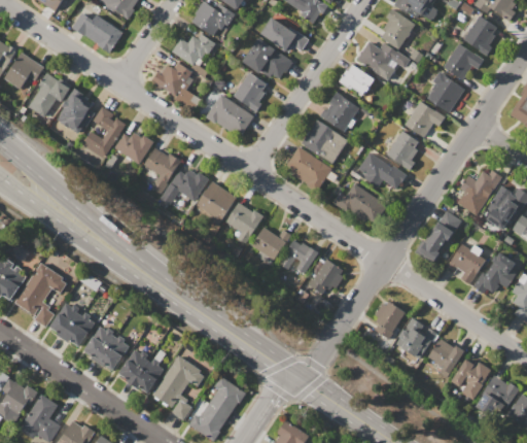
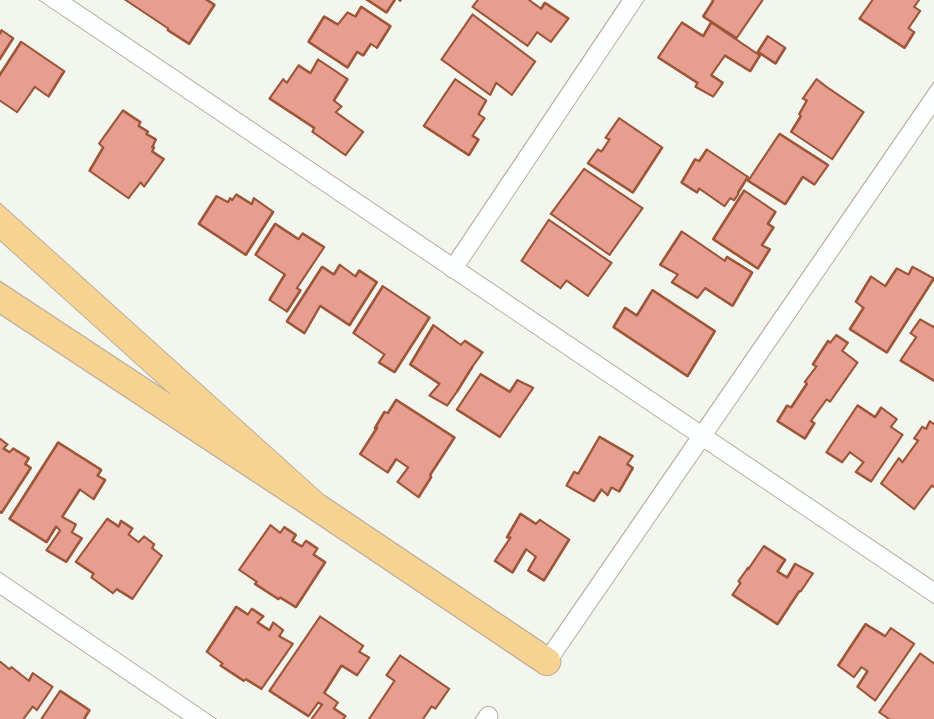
building: [443,43,483,79] -> none
building: [339,64,374,94] -> [681,149,748,206]
building: [27,72,71,116] -> none
building: [205,93,253,137] -> none
building: [82,106,125,158] -> none
building: [279,239,318,274] -> [495,514,569,580]
building: none -> [360,400,455,497]
building: [375,301,406,339] -> none
building: [83,327,129,370] -> [239,525,325,607]
building: [428,338,464,378] -> none

